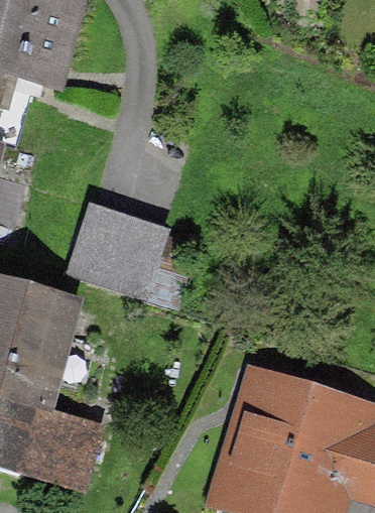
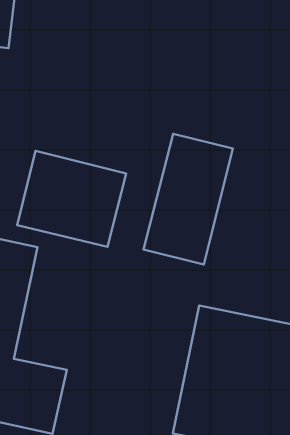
building: none -> [144,134,233,265]

